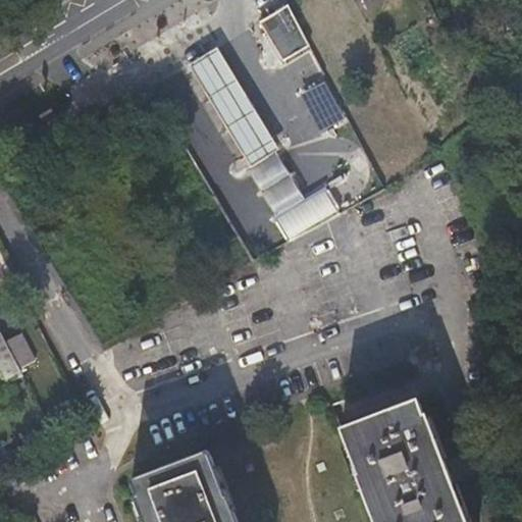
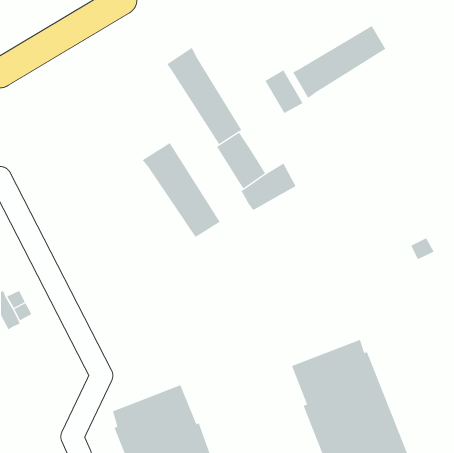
building: [259,7,309,62] -> none
building: none -> [293,25,386,99]
building: none -> [142,142,221,238]

